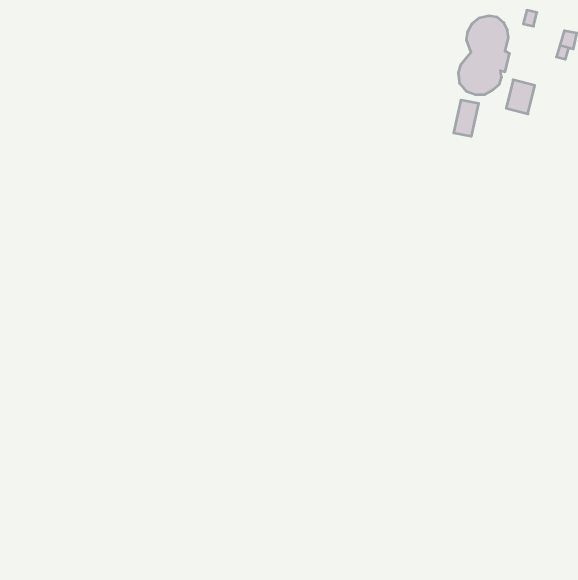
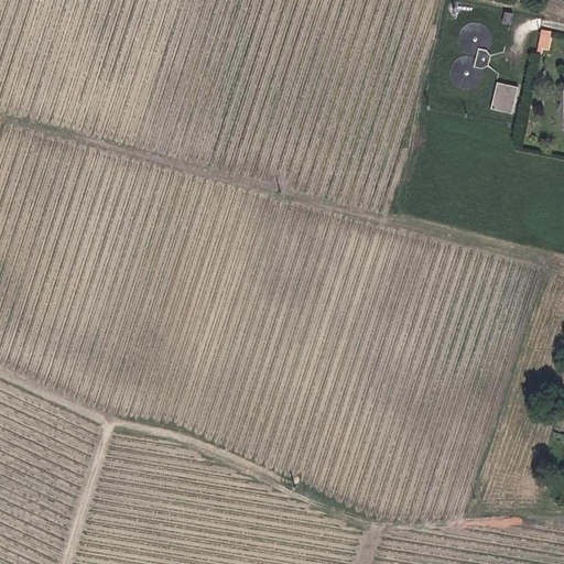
building: [454,100,479,136] -> none

